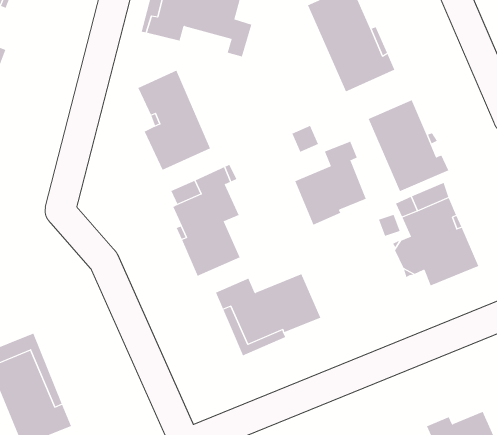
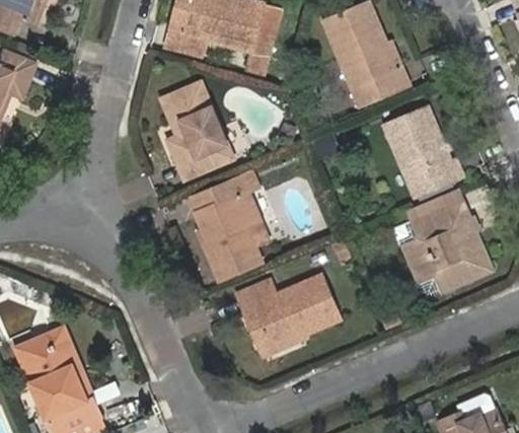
building: [295,141,367,225] -> none

